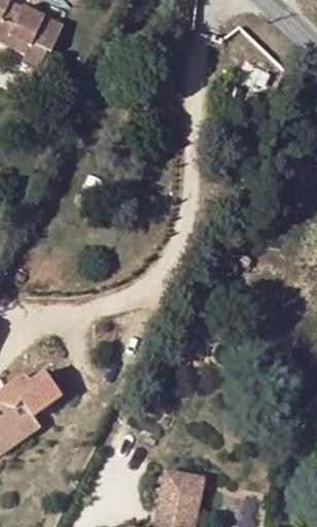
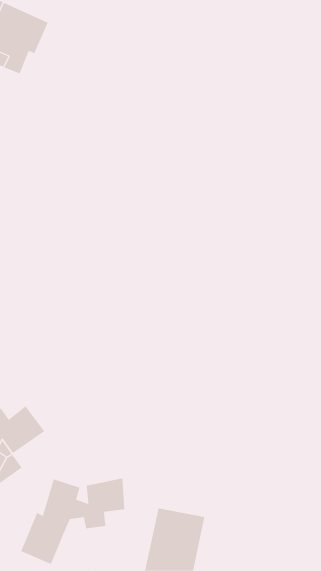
building: none -> [21,477,125,565]

